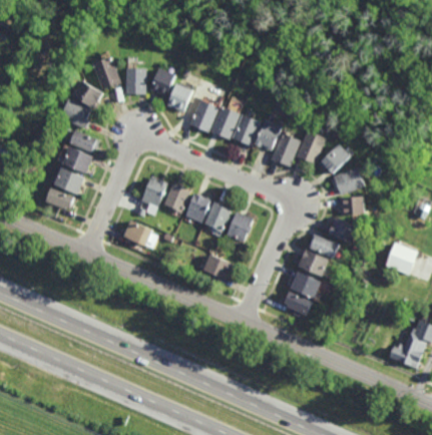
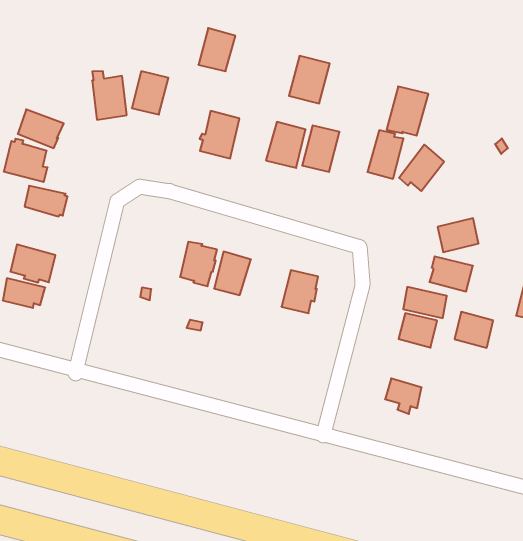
building: [91,55,120,88] -> none
building: [167,81,194,111] -> [198,28,235,71]
building: [210,105,241,138] -> [289,56,330,103]
building: [271,132,302,166] -> [387,86,428,136]
building: [61,145,92,173] -> none
building: [331,166,363,195] -> none
building: [139,175,168,208] -> none
building: [204,201,231,231] -> none
building: [122,221,153,247] -> none
building: [204,255,233,280] -> none
building: [292,272,319,298] -> [455,312,493,348]

